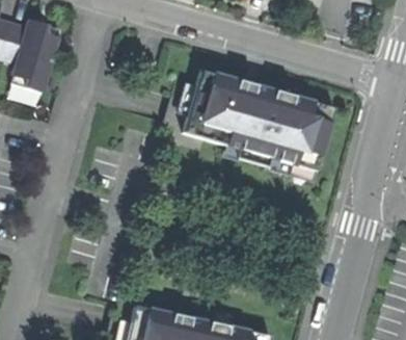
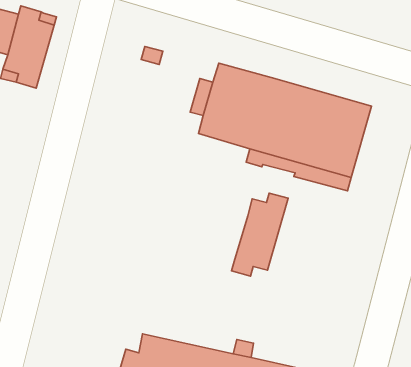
building: none -> [232,193,288,276]

